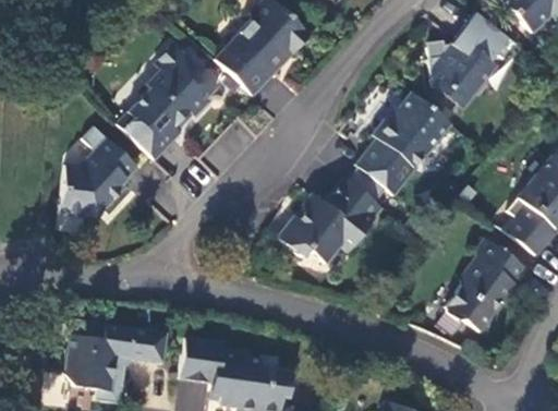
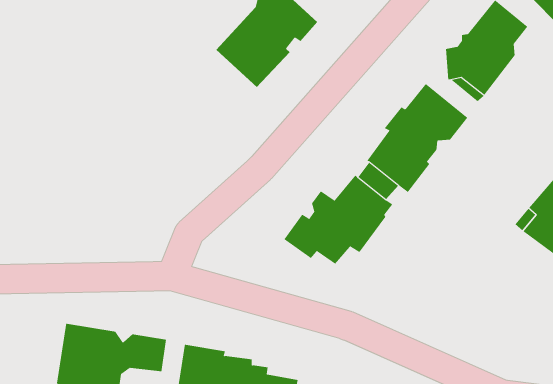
building: [117,43,219,160] -> none
building: [59,125,138,216] -> none
building: [446,238,526,329] -> none

